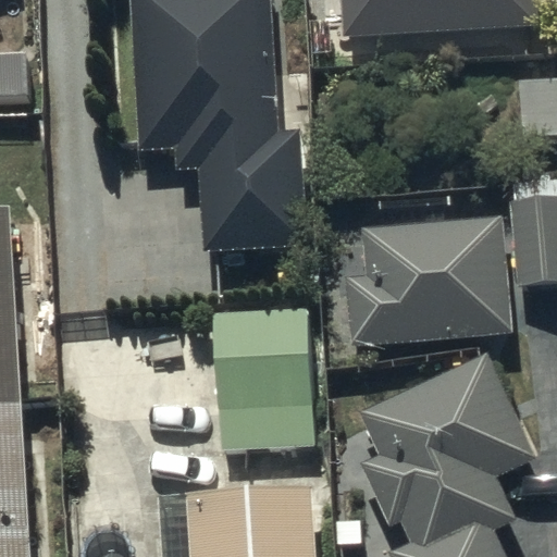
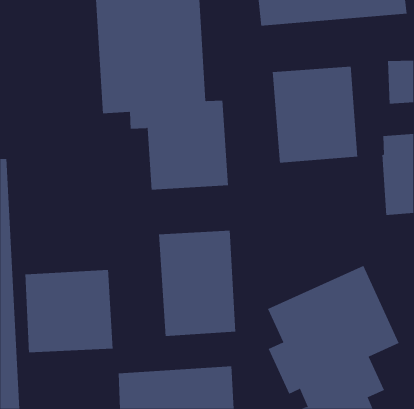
building: none -> [272,66,358,164]
building: [347,219,510,348] -> none
building: none -> [25,269,113,353]

